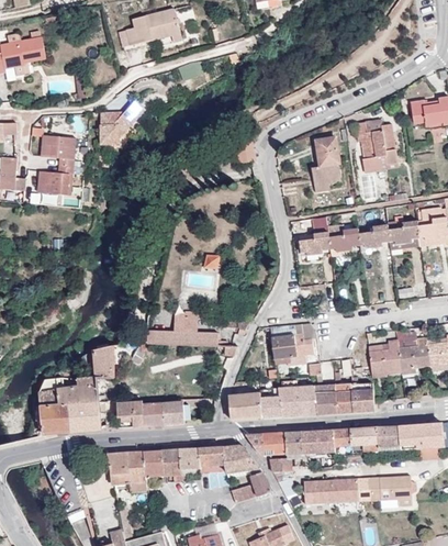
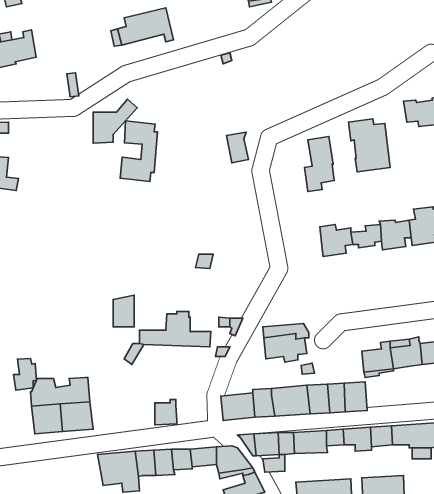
building: [37,135,75,196] -> [120,121,157,181]
building: [300,226,329,255] -> none
building: [93,346,114,378] -> [113,295,134,327]
building: none -> [14,359,37,390]
building: [117,401,163,428] -> none

